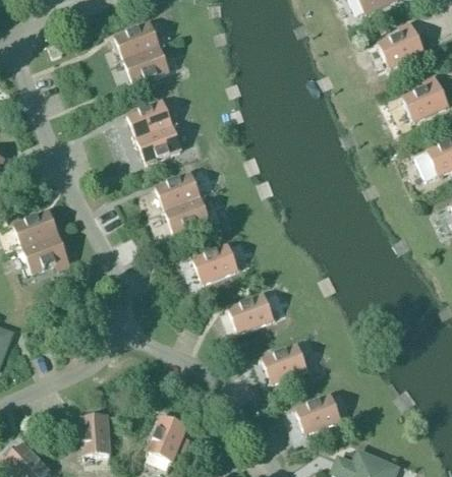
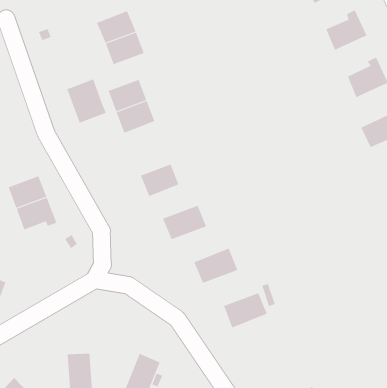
building: none -> [67,79,106,123]
building: [156,172,201,211] -> none
building: [293,394,344,434] -> none

